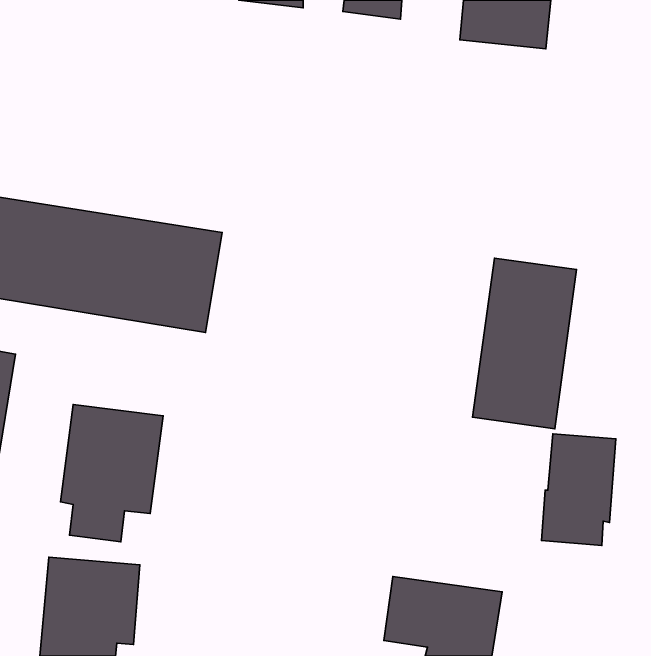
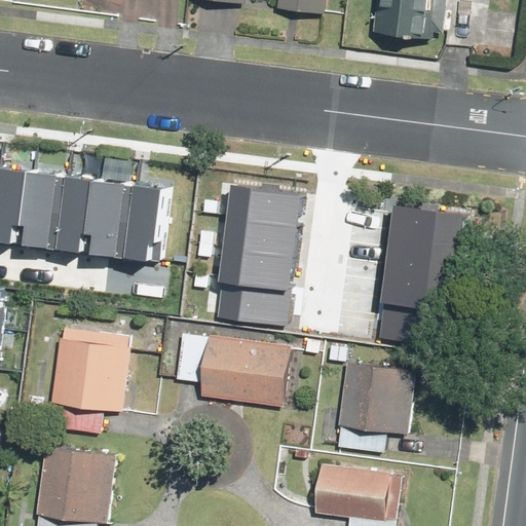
building: none -> [221,182,304,318]
building: none -> [174,334,289,409]
building: [541,434,616,546] -> [333,363,392,452]

